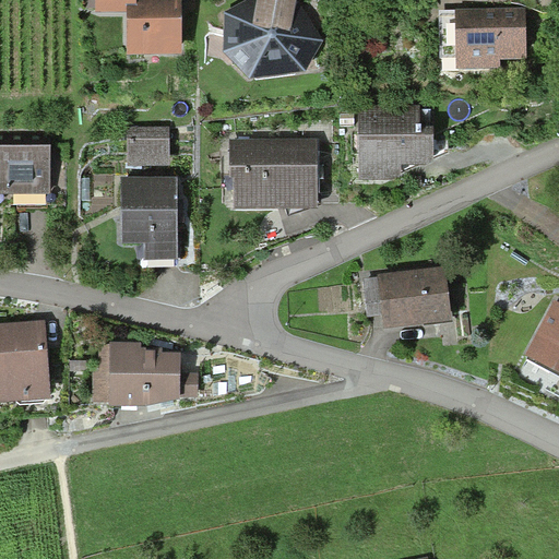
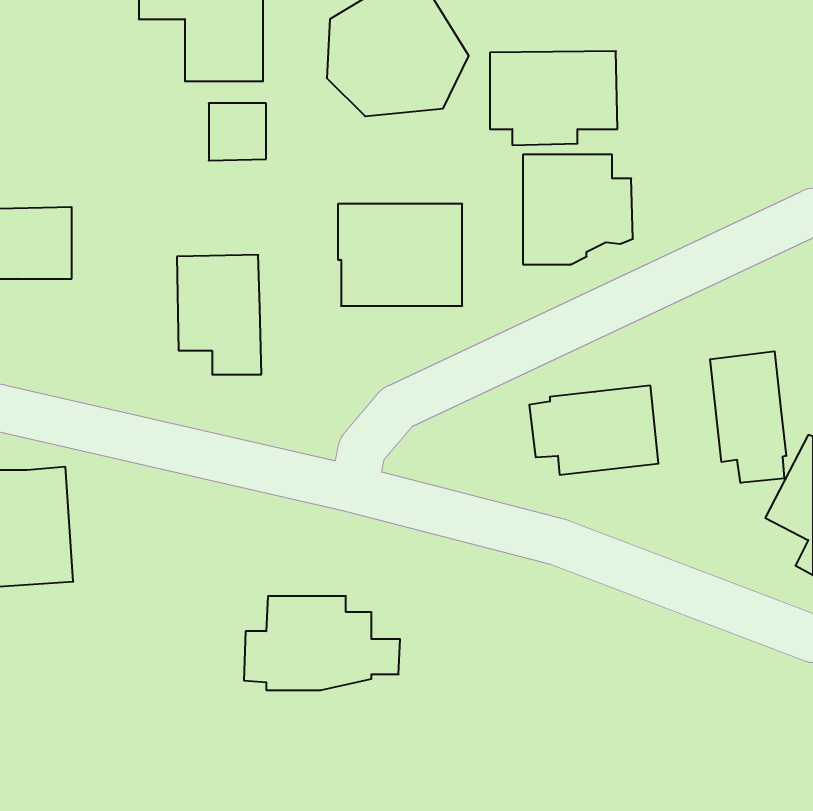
building: [439,7,526,71] -> [490,51,617,145]
building: [128,124,167,164] -> [209,103,266,161]
building: none -> [710,351,786,483]
building: [93,343,200,407] -> [244,596,400,690]

